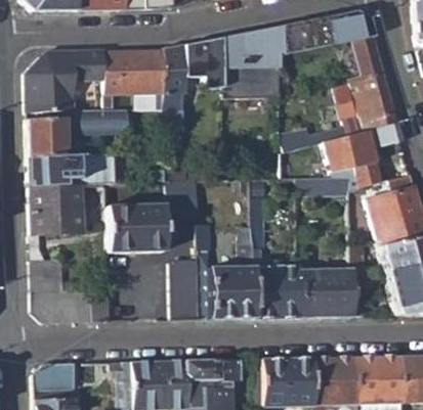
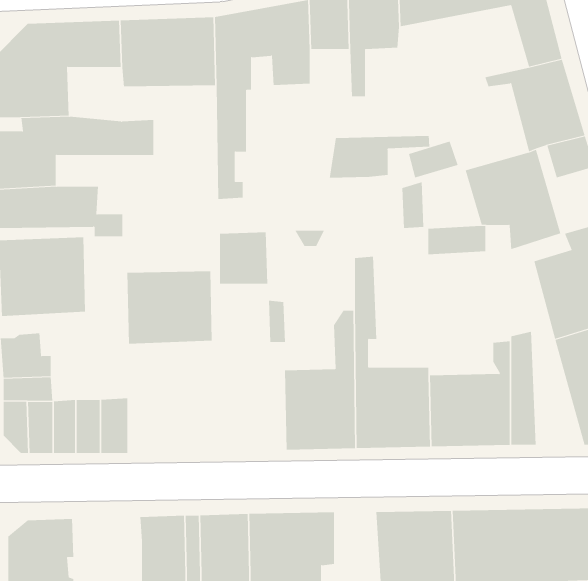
building: none -> [329,135,430,178]
building: [170,261,201,320] -> none

